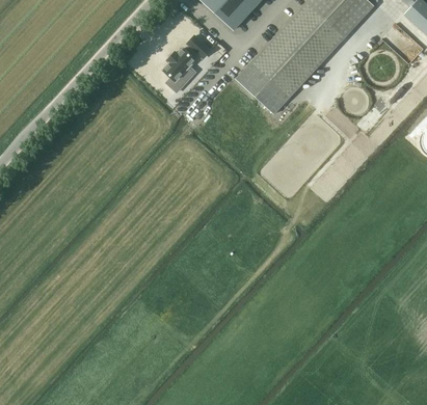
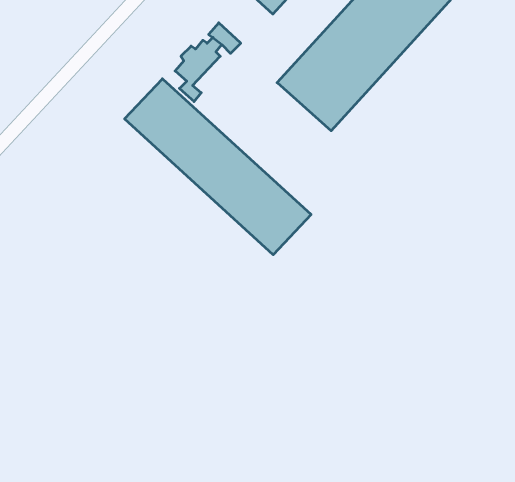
building: none -> [125,79,311,255]

